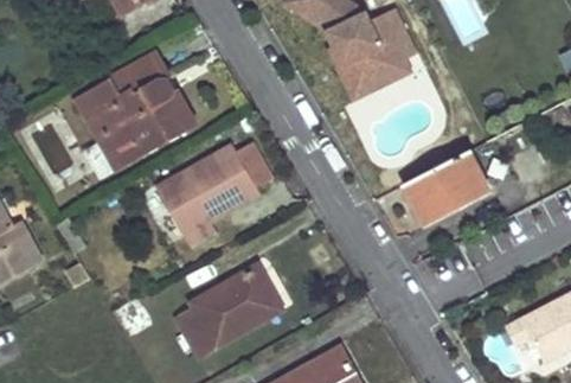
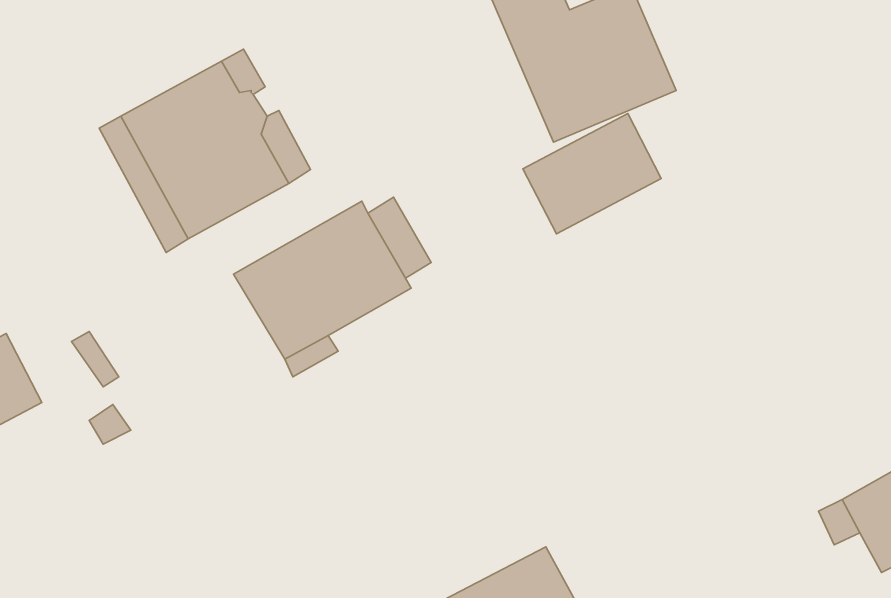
building: [406,149,489,222] -> [523,113,661,234]
building: [180,266,283,357] -> none

